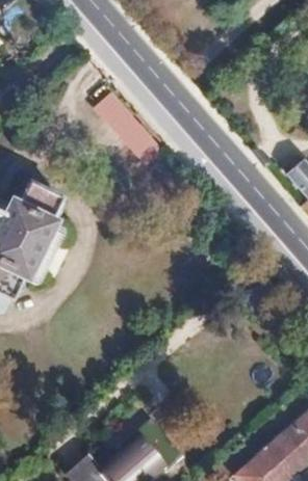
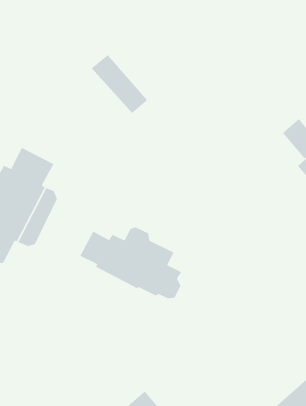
building: none -> [79,226,182,299]

